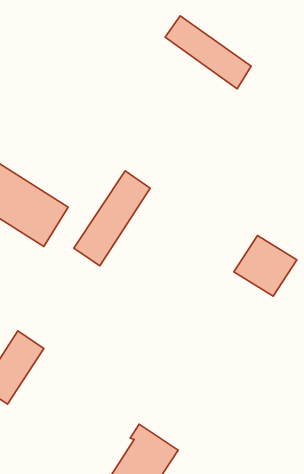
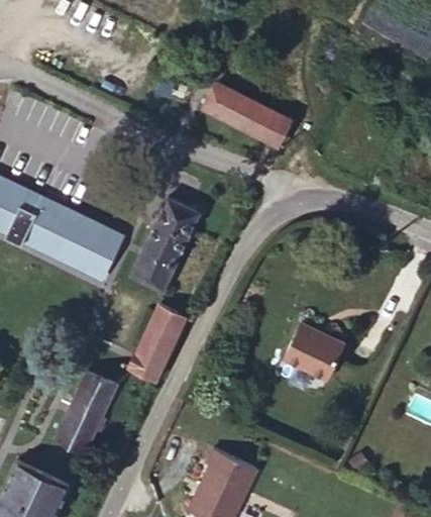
building: [165,16,251,89] -> [205,78,295,143]
building: [234,236,297,296] -> [289,328,350,387]
building: none -> [129,311,181,383]

